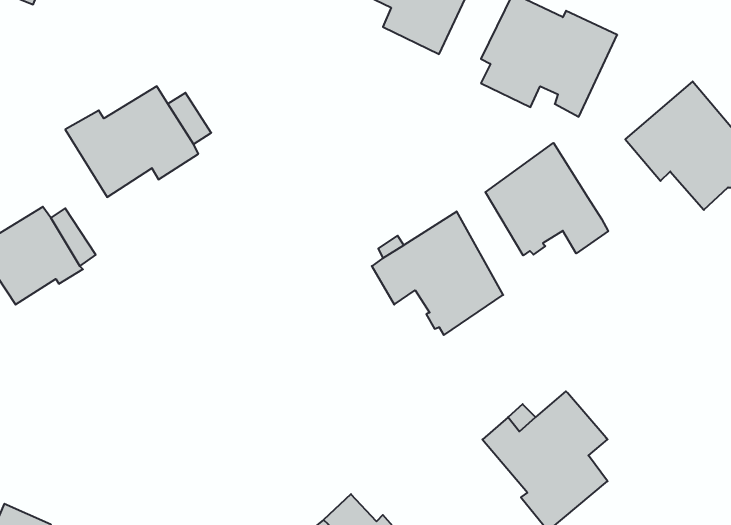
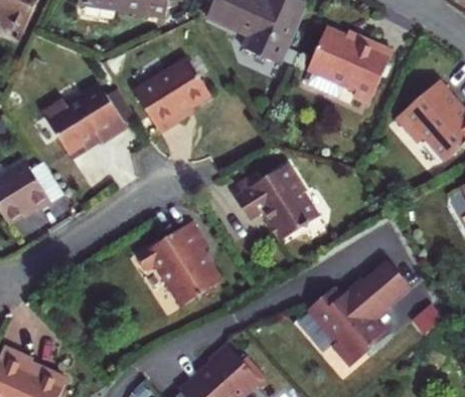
building: none -> [135,56,213,131]
building: [485,143,608,255] -> none
building: none -> [136,221,222,307]
building: none -> [358,256,407,305]

